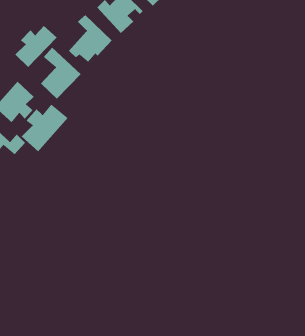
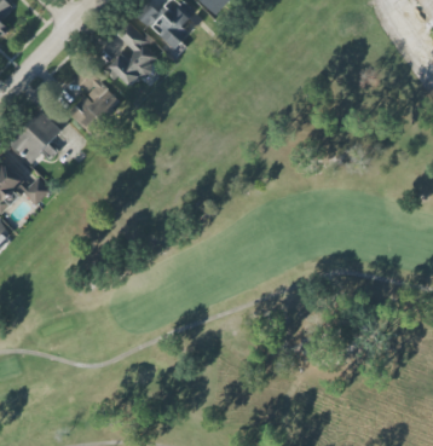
building: [14,25,58,68] -> none
building: [21,104,69,152] -> none

